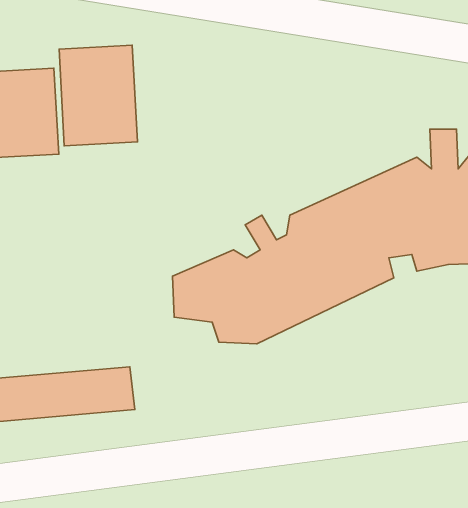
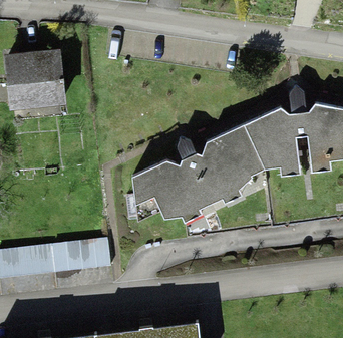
building: [59,45,138,146] -> none

